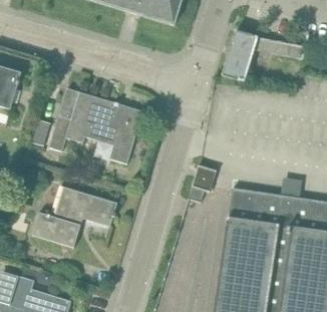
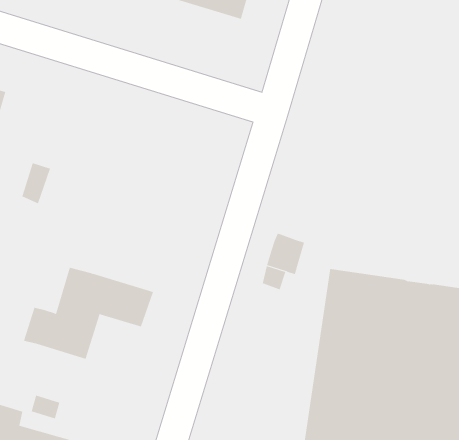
building: [221,29,304,81] -> none
building: [48,87,141,163] -> none

